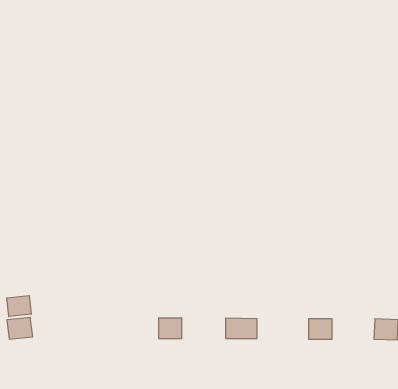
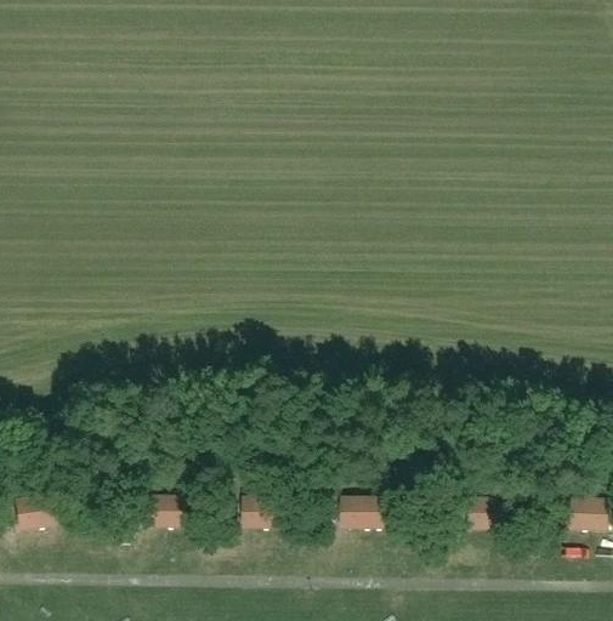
building: [7,296,31,317] -> none
building: none -> [146,495,182,525]

